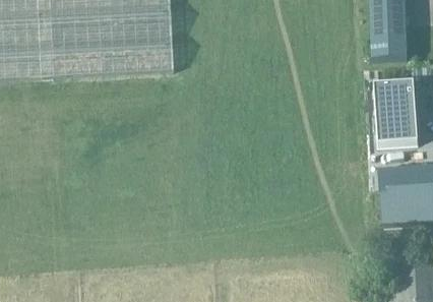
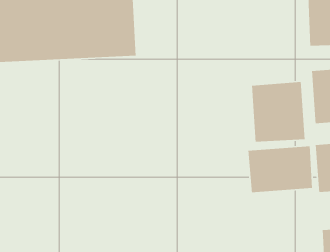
building: none -> [251,81,305,143]
building: none -> [248,146,313,193]

